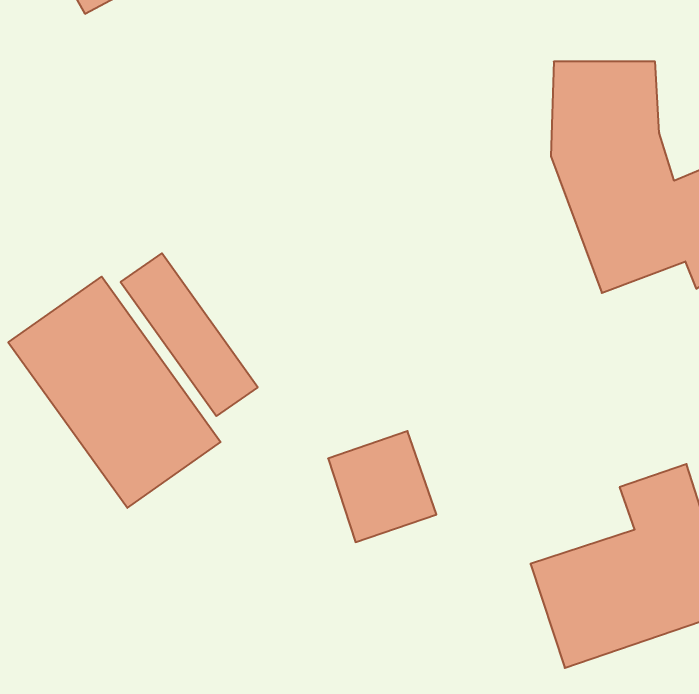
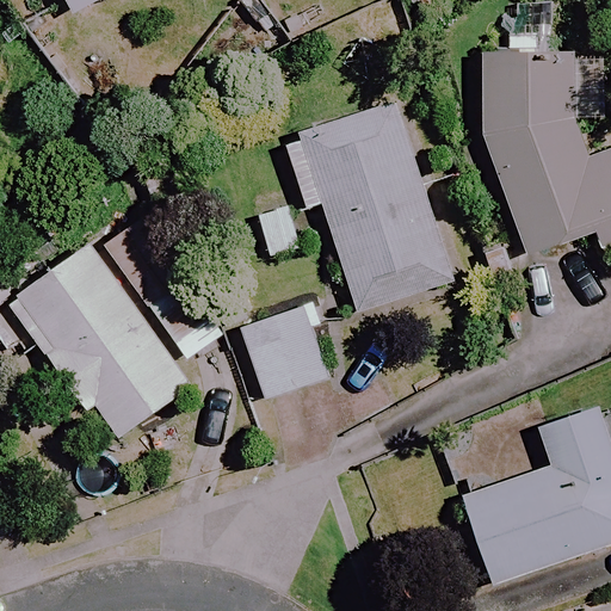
building: none -> [284,101,452,311]
building: [328,431,436,542] -> [242,302,337,399]

